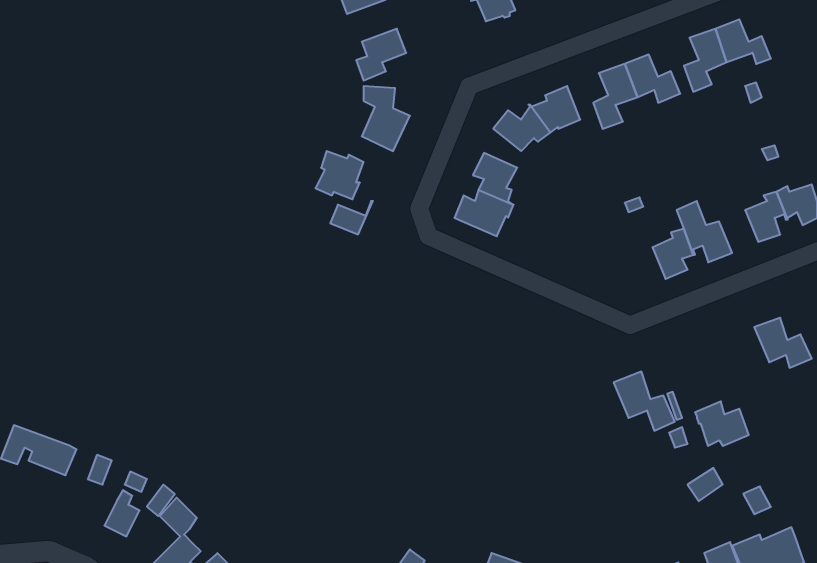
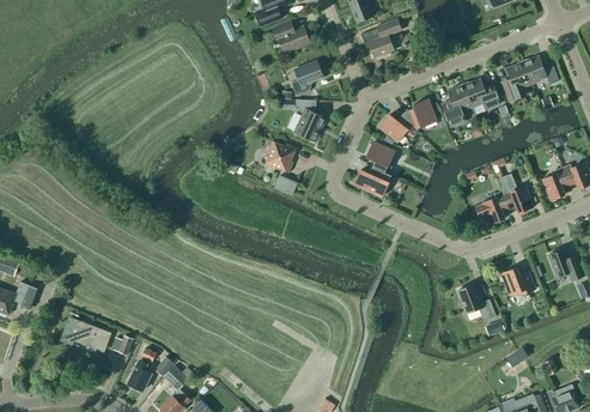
building: [695,401,749,446] -> [500,267,535,296]

